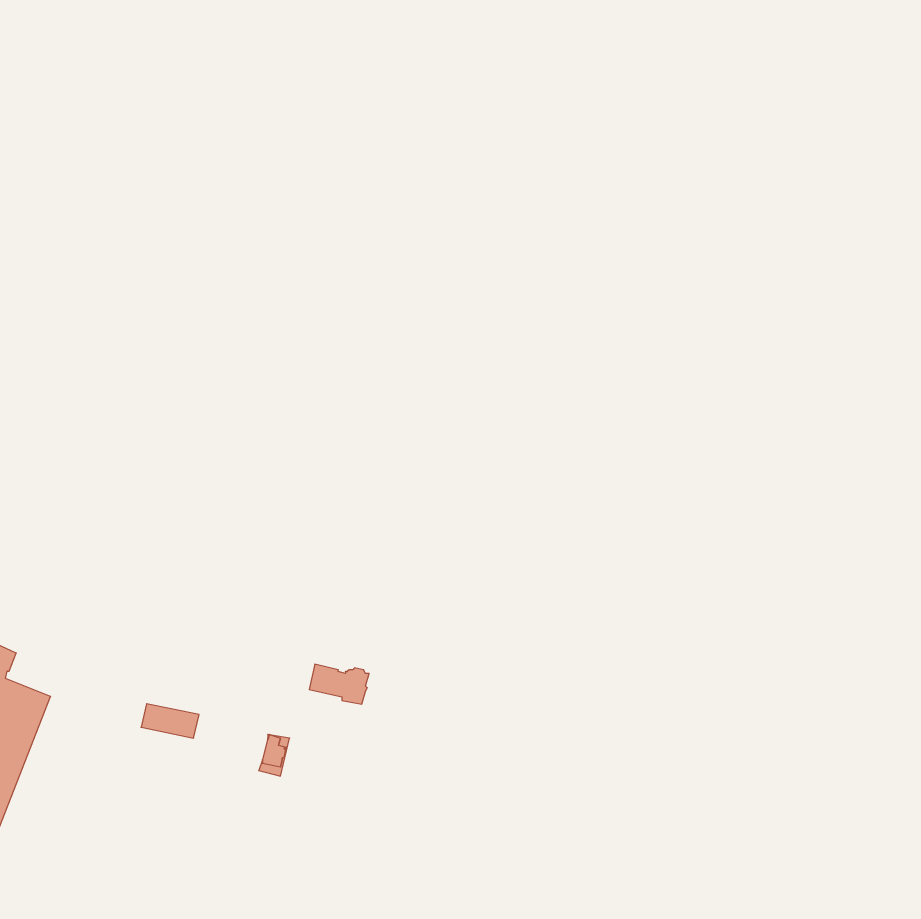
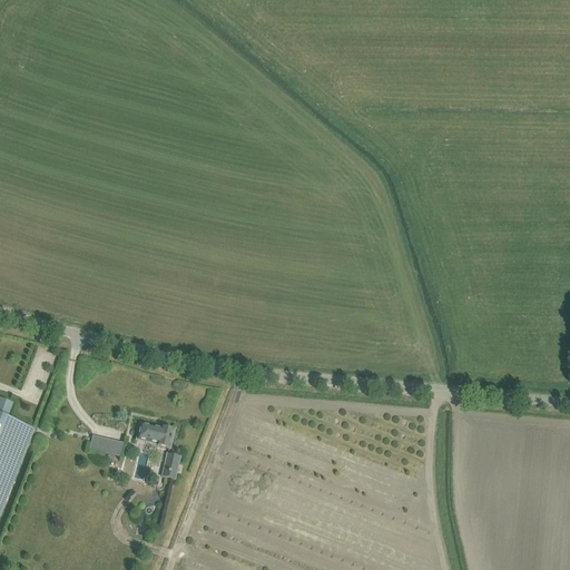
building: [309,664,369,704] -> [135,422,171,446]

